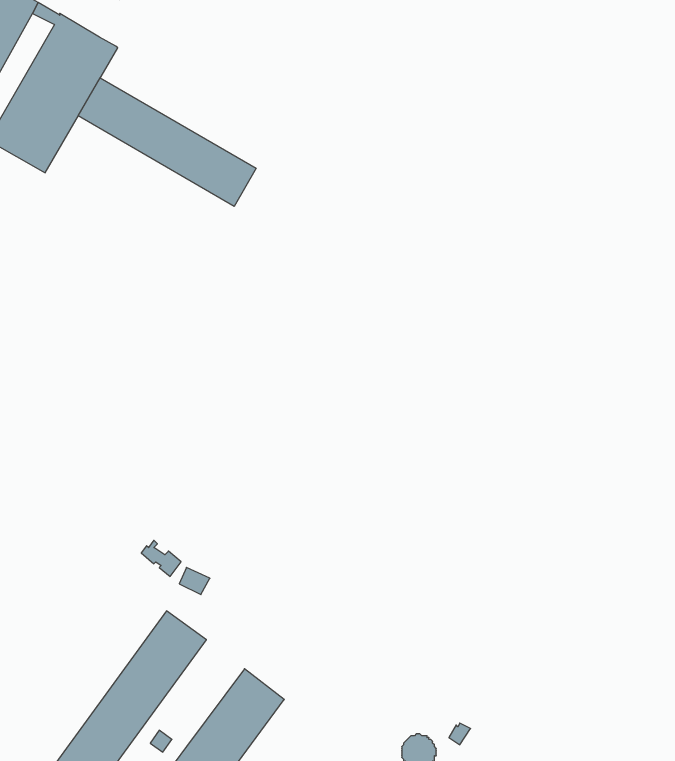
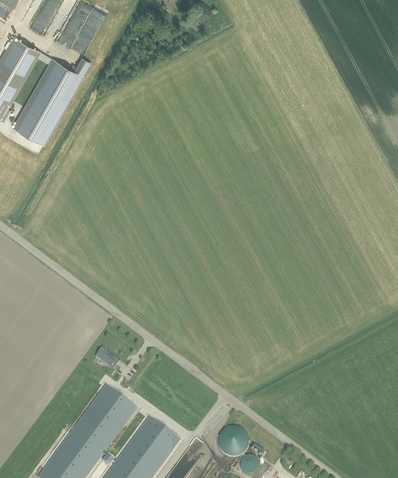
building: [78,78,256,206] -> none
building: none -> [217,426,248,457]

